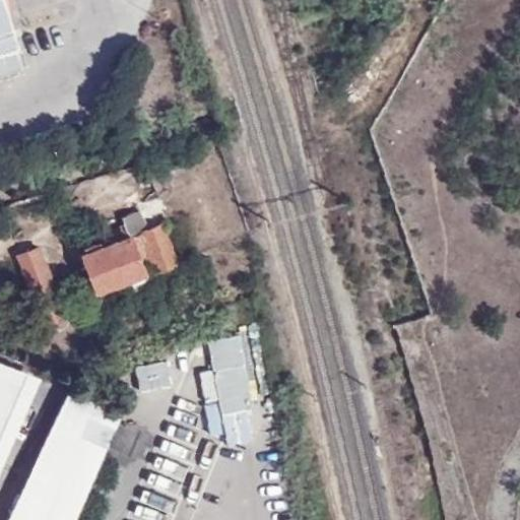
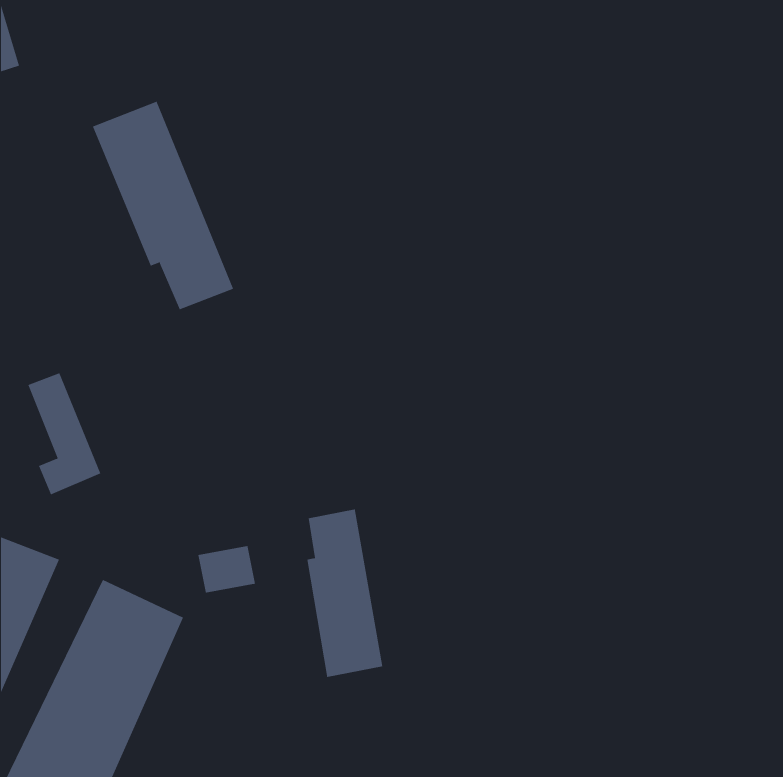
building: none -> [92,101,234,310]
building: [77,225,179,309] -> none

